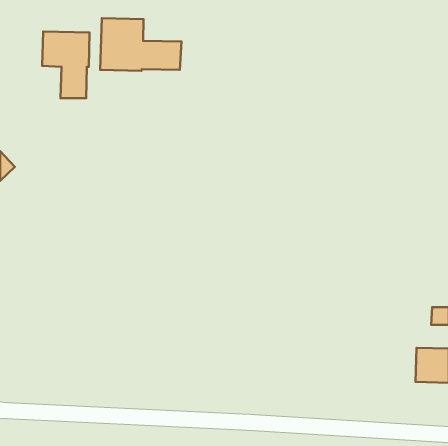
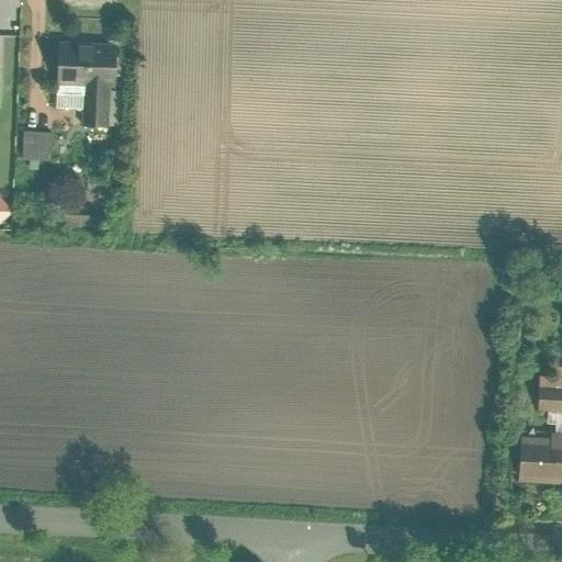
building: [100,18,182,71] -> none
building: none -> [30,133,54,159]

